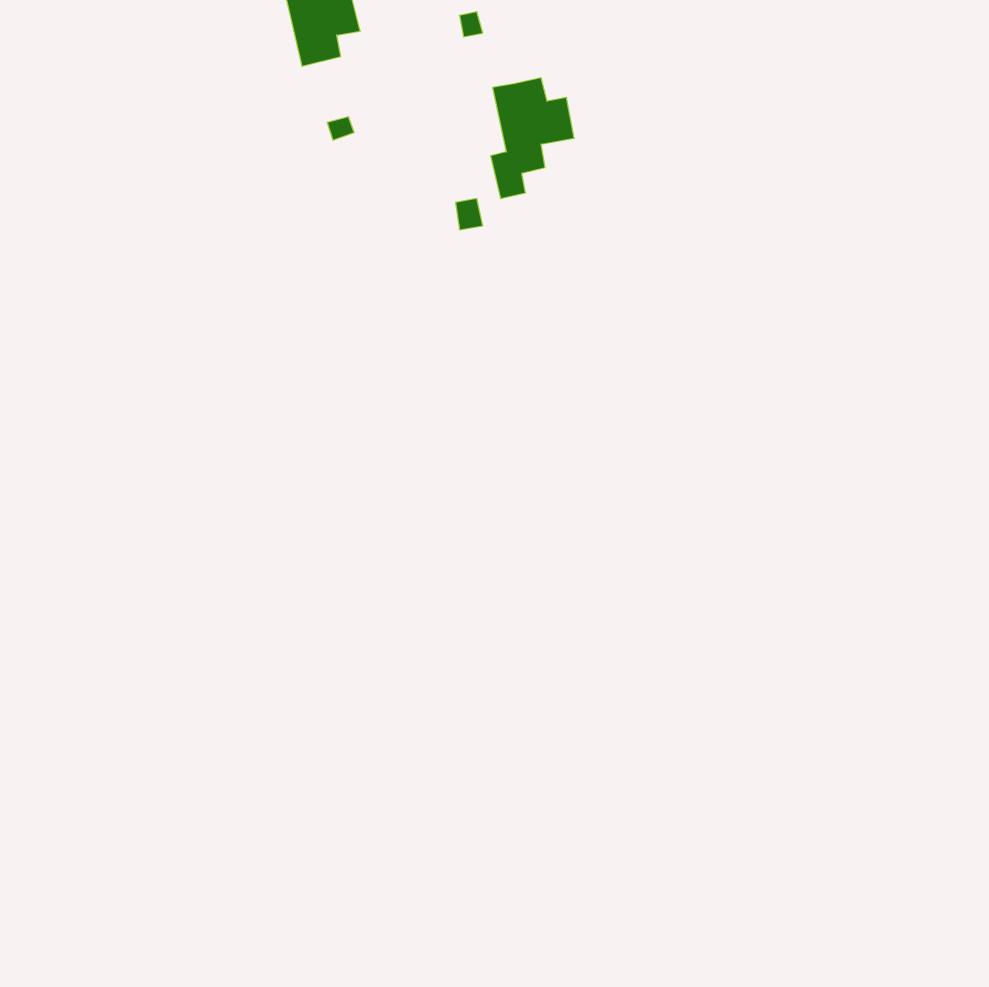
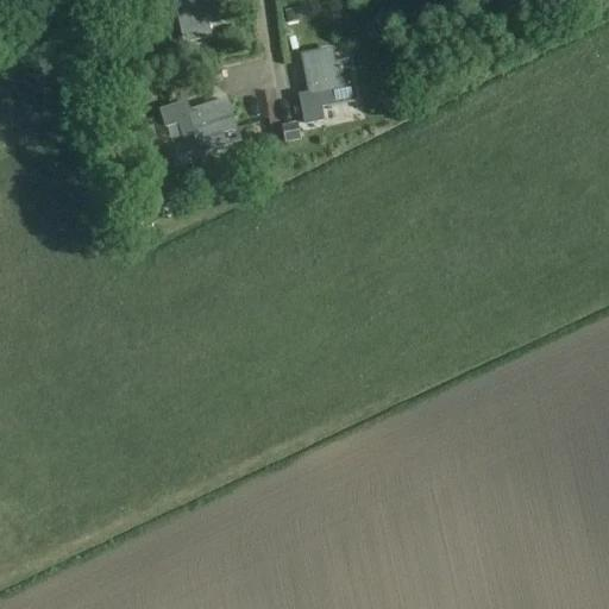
building: none -> [161,99,234,151]

